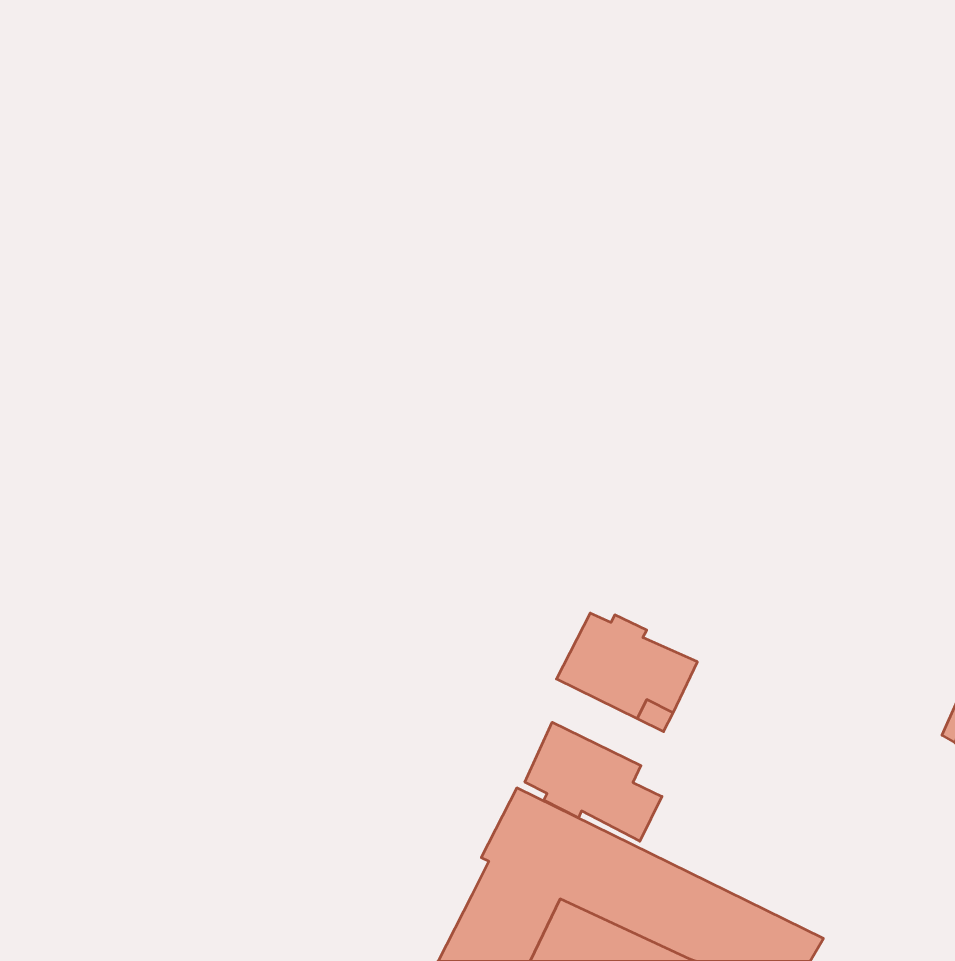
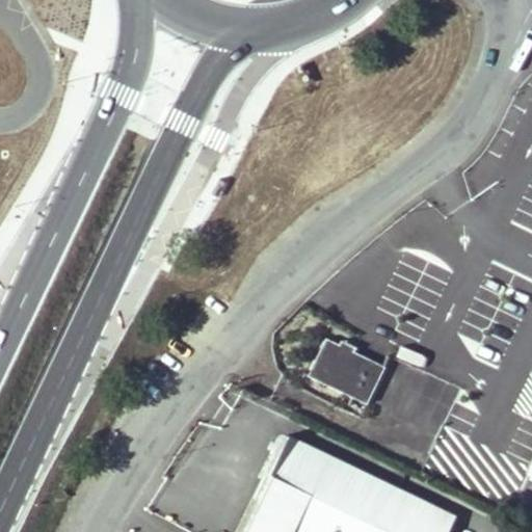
building: [525,722,662,841] -> none

